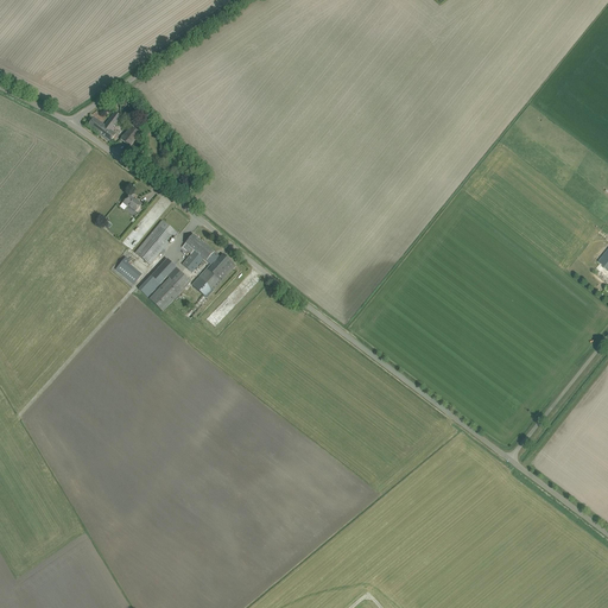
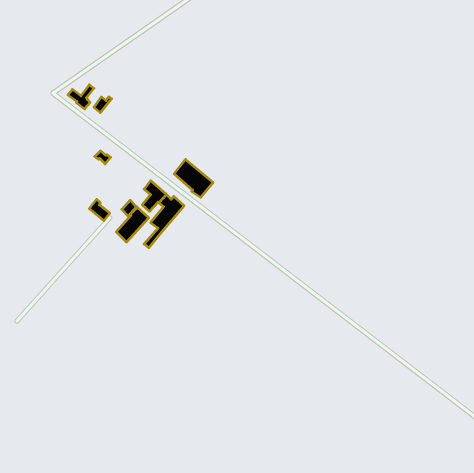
building: none -> [174,159,213,197]
building: [134,217,176,262] -> none

